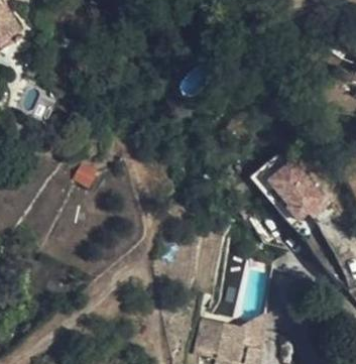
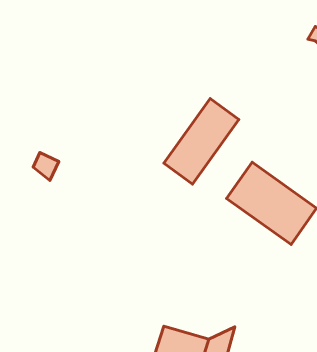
building: none -> [164,98,239,184]

